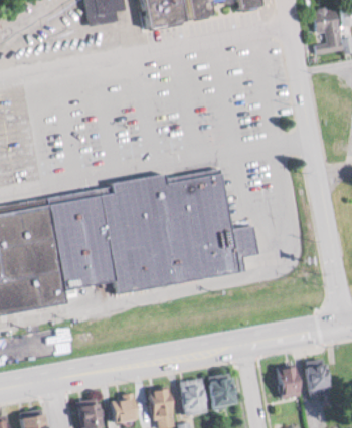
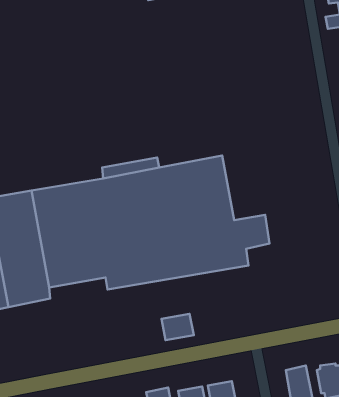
building: none -> [161,314,194,340]

